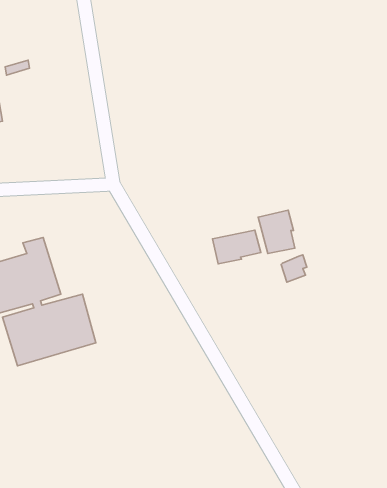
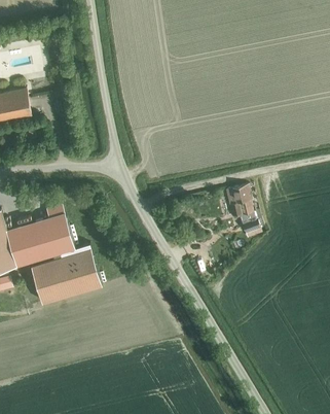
building: [212,230,261,264] -> none

